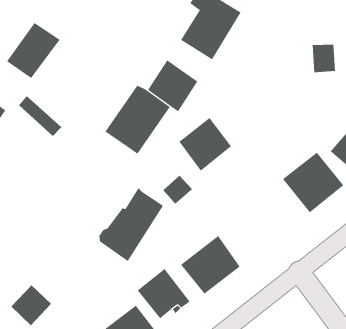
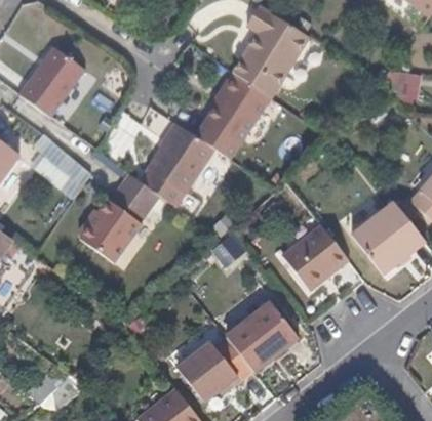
building: none -> [212,68,268,118]
building: [178,117,232,172] -> [284,225,349,291]
building: [98,187,164,262] -> [84,173,163,263]

